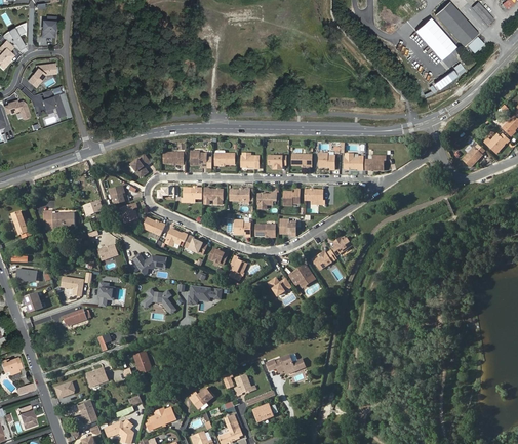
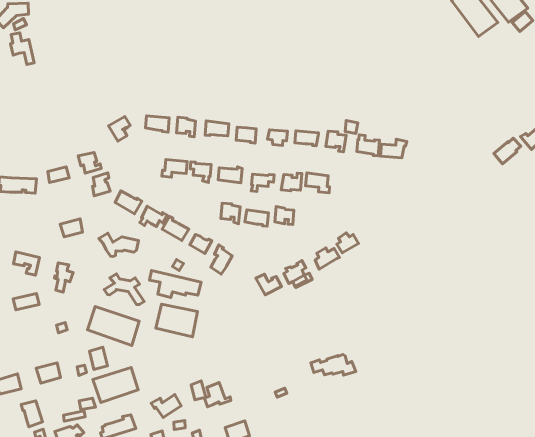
building: none -> [156,304,198,337]
building: none -> [87,306,139,345]
building: [266,354,305,372] -> [311,355,356,375]
building: none -> [93,367,138,402]

